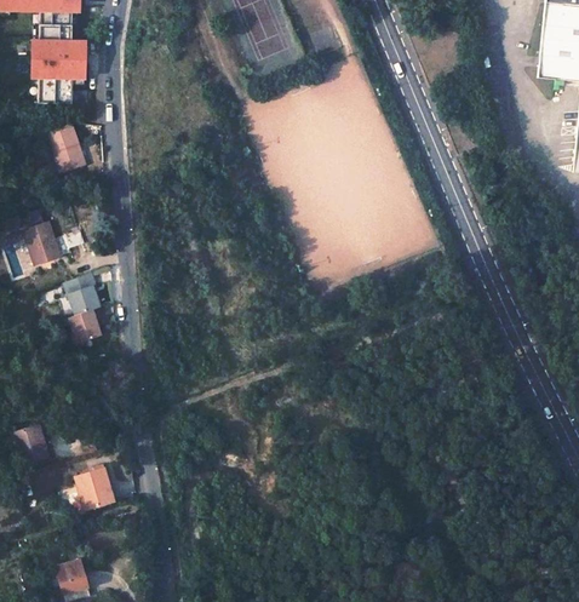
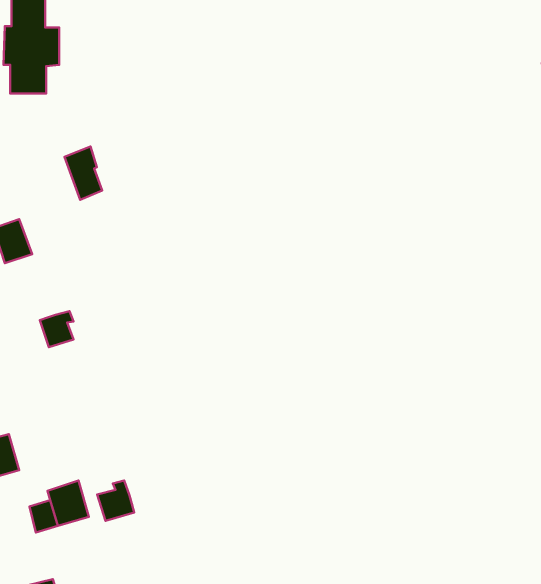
building: [48,125,84,174] -> [65,147,102,200]
building: [64,271,99,314] -> none
building: none -> [97,481,134,521]

